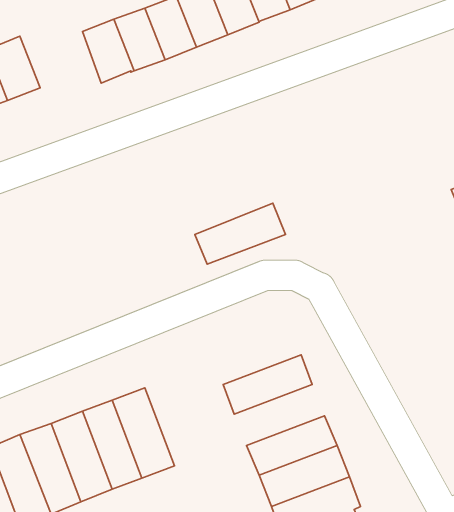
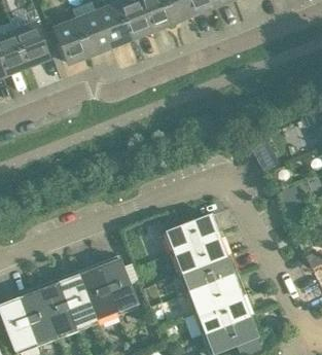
building: none -> [55,22,88,64]
building: [195,203,285,264] -> [160,214,220,254]
building: none -> [176,254,236,294]

